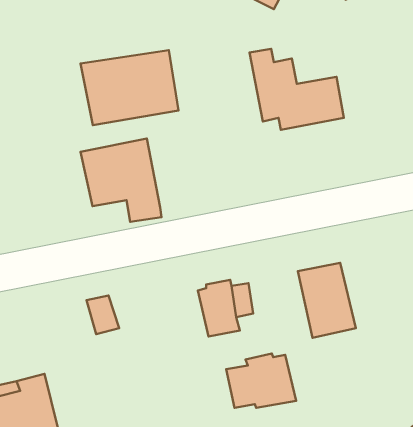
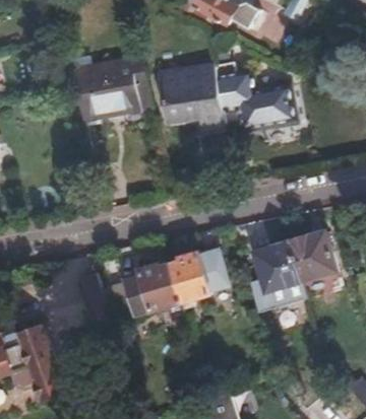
building: [81,139,161,222] -> [161,63,229,133]
building: none -> [293,231,338,294]
building: [226,354,296,408] -> [123,262,182,307]

